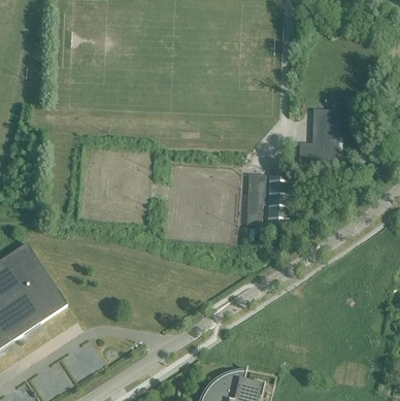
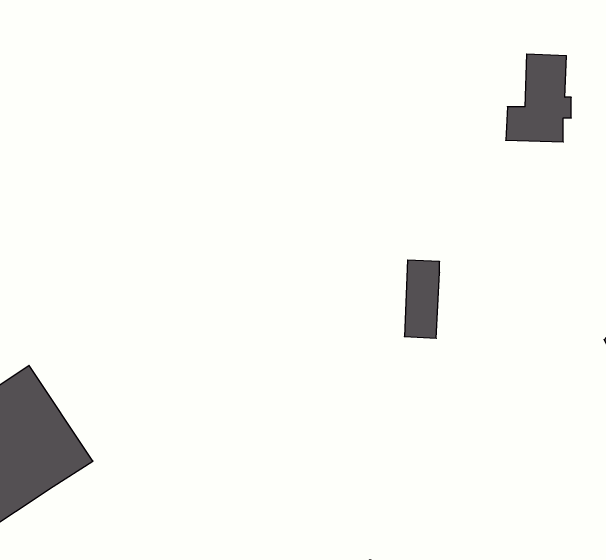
building: [299,108,341,165] -> [506,54,571,142]
building: [246,173,265,225] -> none

